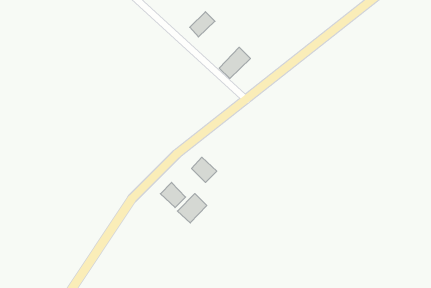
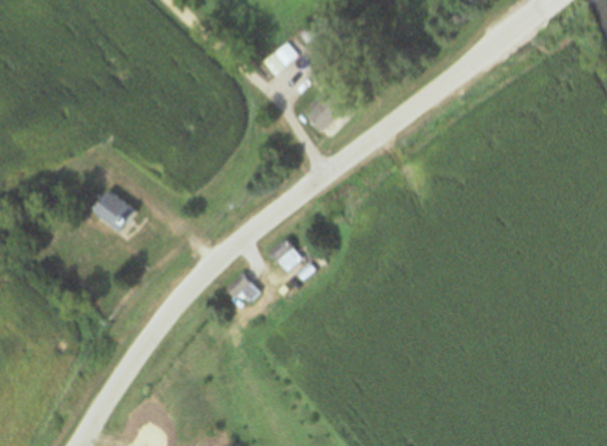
building: none -> [92,190,135,231]
building: [177,194,207,223] -> none

